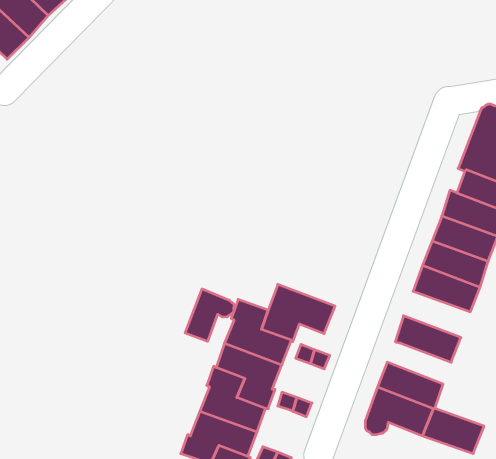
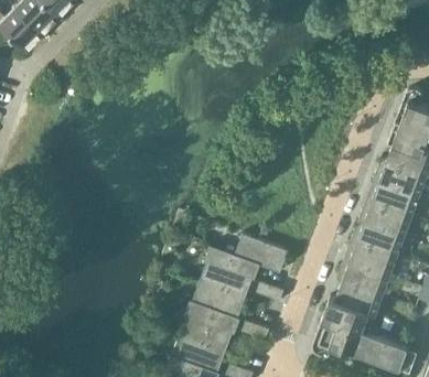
building: [185,289,234,341] -> none
building: none -> [344,239,398,277]
building: none -> [336,281,383,314]

